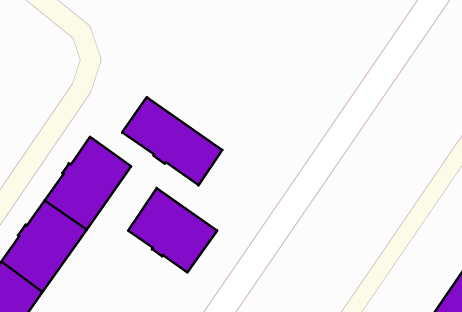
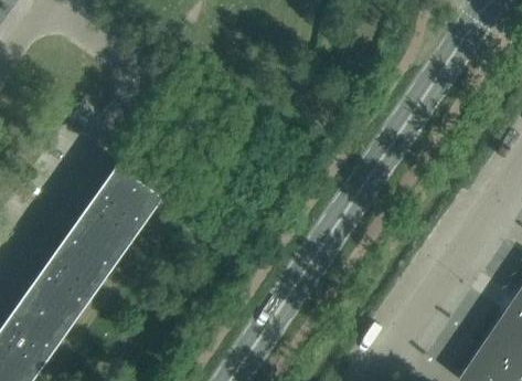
building: [122,97,222,185] -> none
building: [128,188,217,272] -> none

